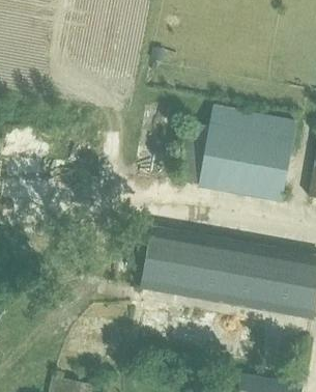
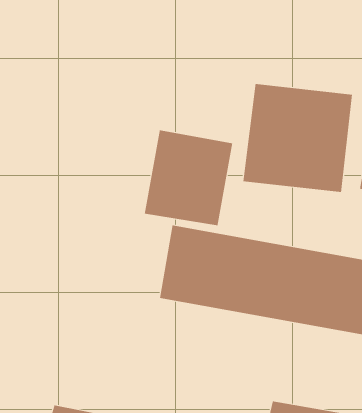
building: none -> [144,130,233,226]

